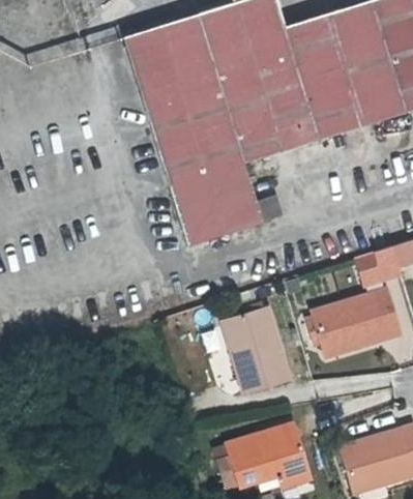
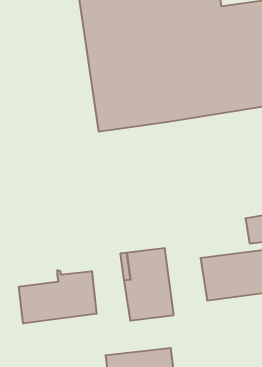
building: [173,166,267,248] -> none
building: none -> [19,270,97,324]

